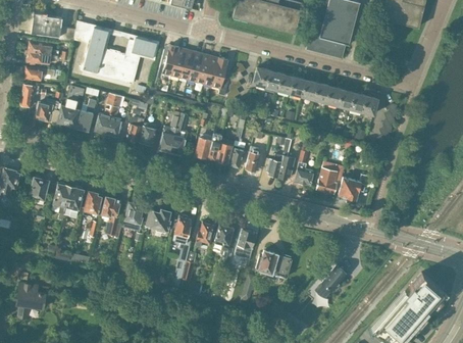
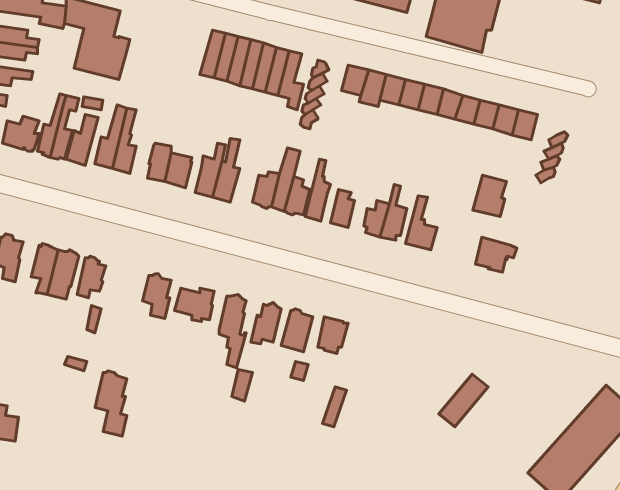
building: [110,37,159,83] -> none
building: [316,167,338,194] -> [473,175,506,217]
building: [101,195,121,237] -> [95,371,127,436]
building: [256,250,292,279] -> none

